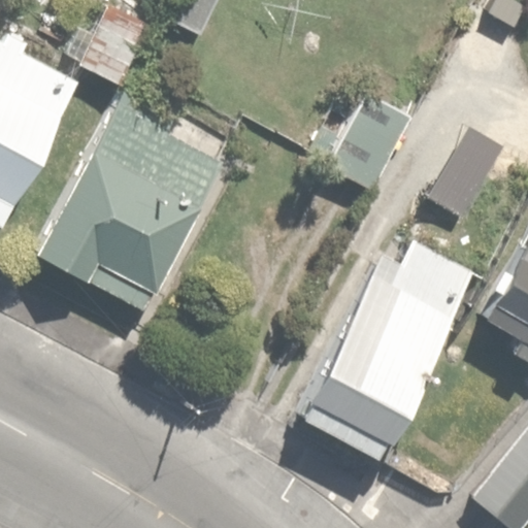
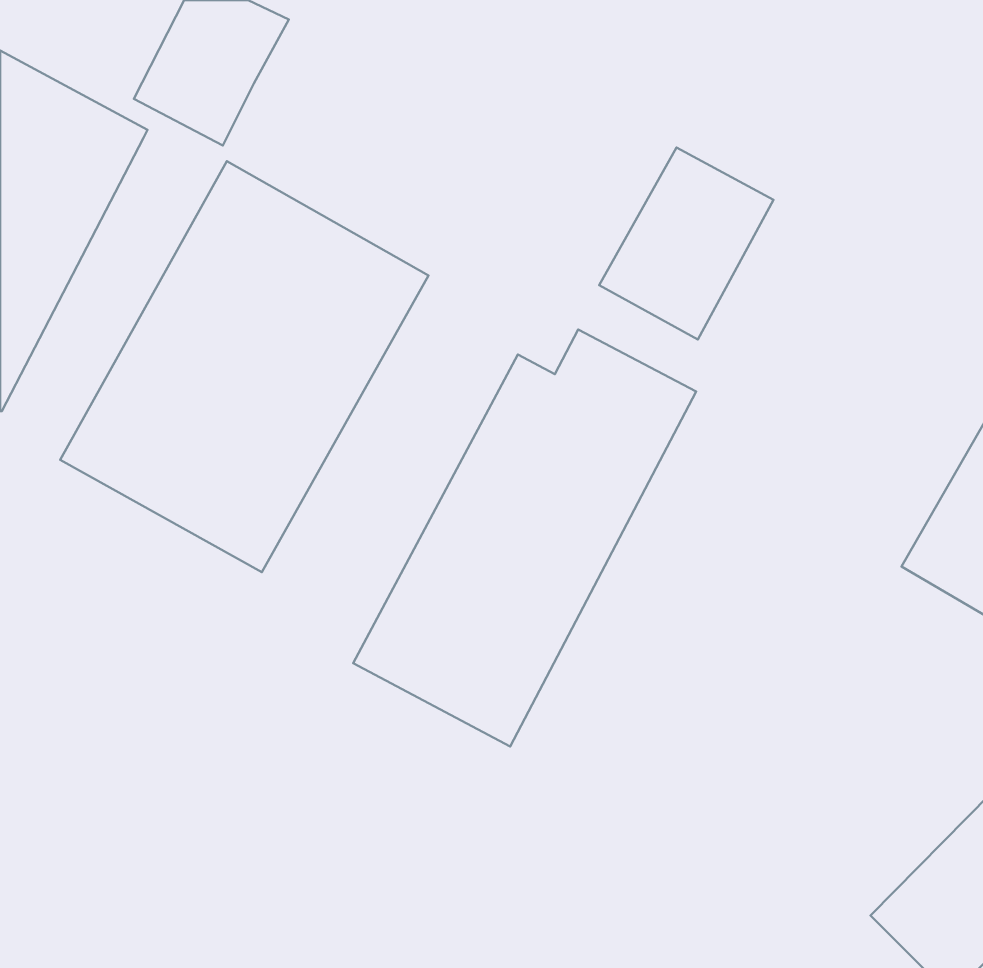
building: [290,239,472,461] -> [353,329,696,746]

